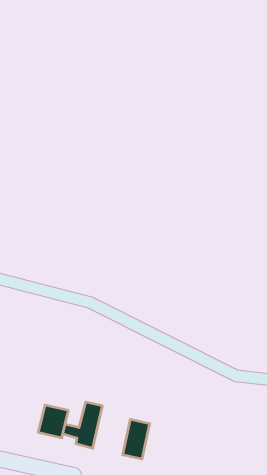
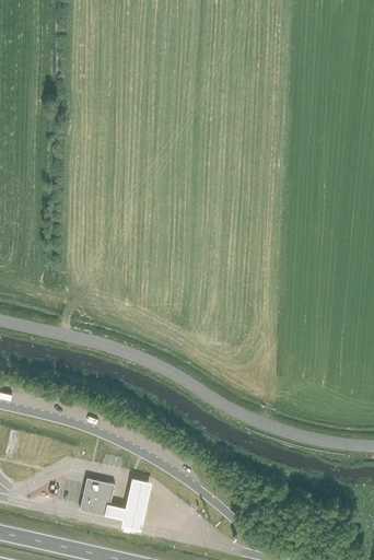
building: [123,419,150,459] -> none

